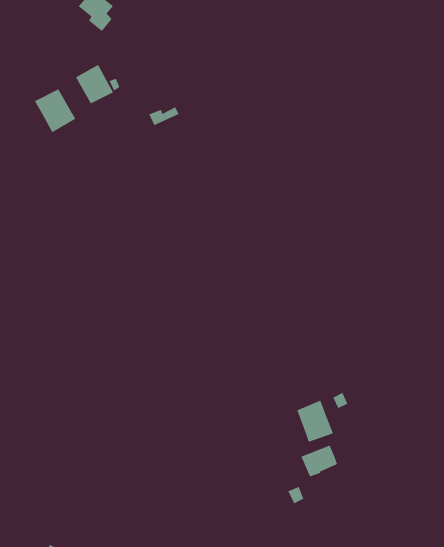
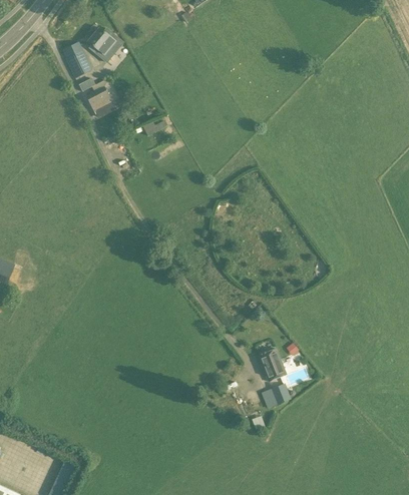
building: none -> [62,40,92,76]
building: [34,88,76,133] -> none

